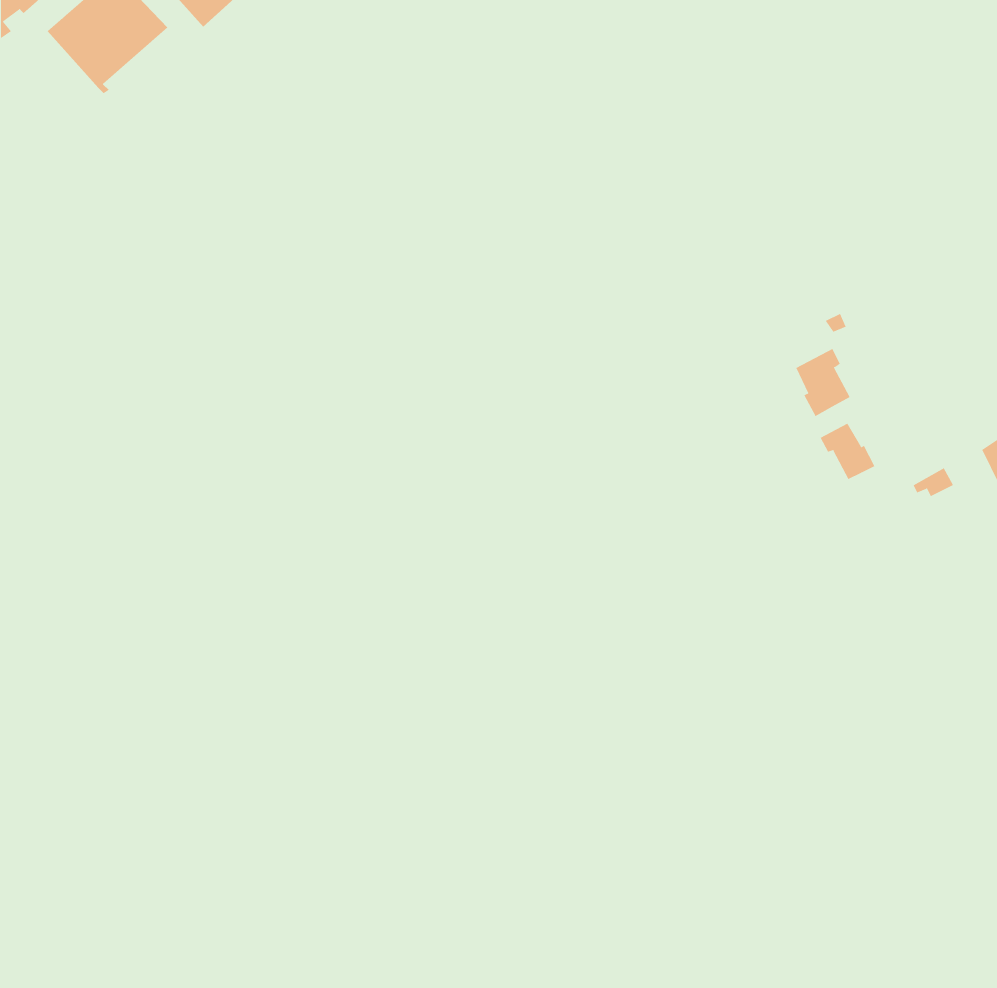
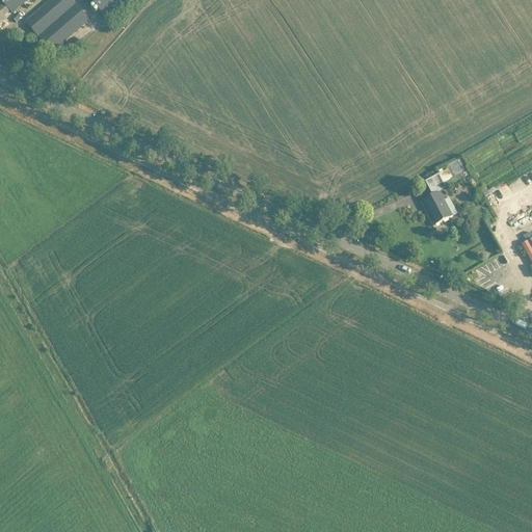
building: [820,423,875,480] -> none

